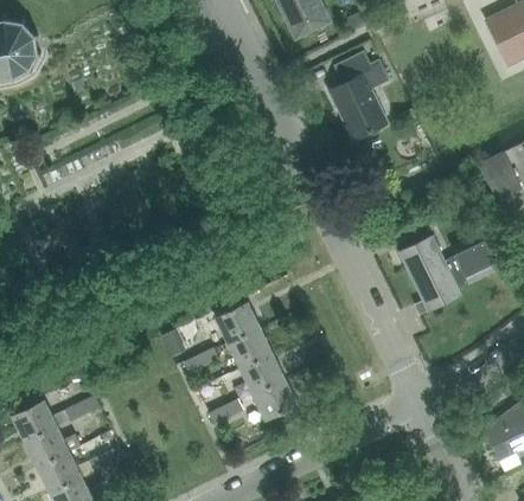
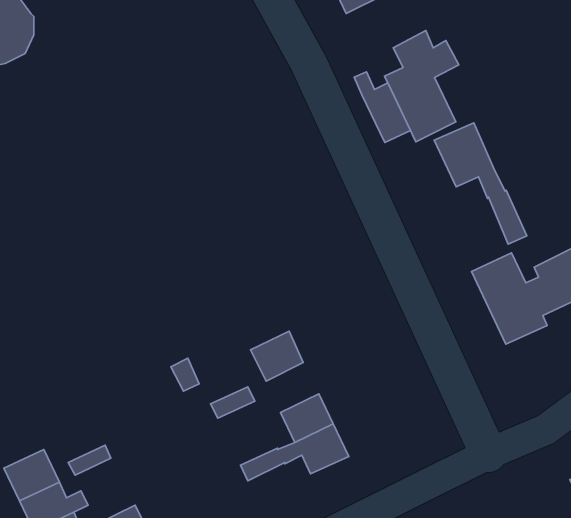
building: none -> [354,72,411,142]
building: none -> [434,123,527,244]
building: [229,327,273,368] -> none

